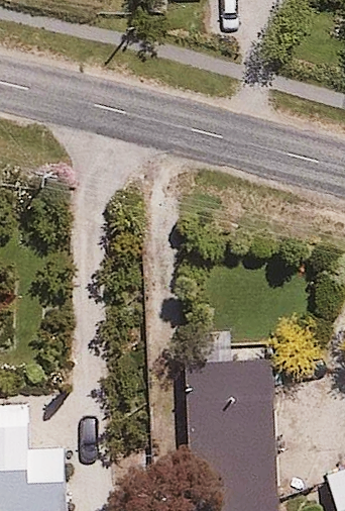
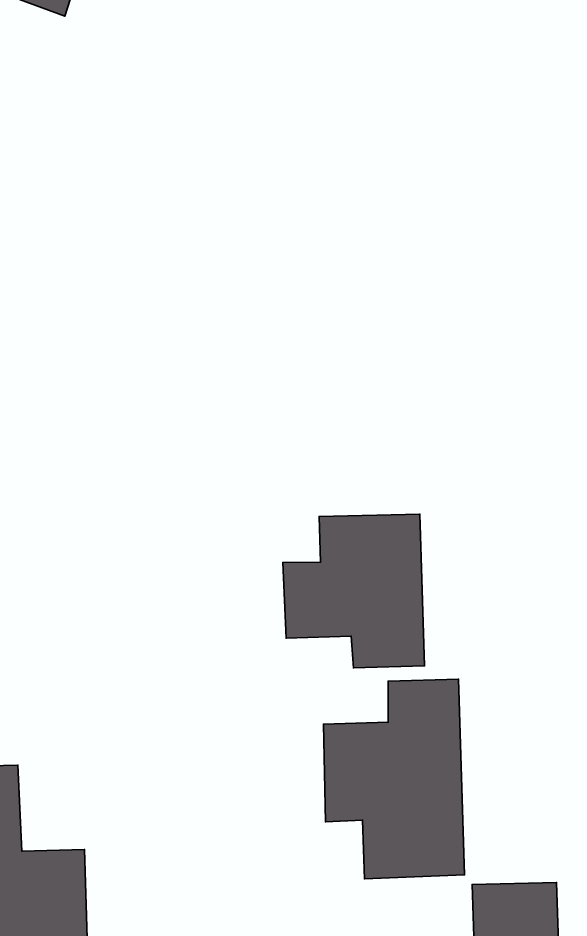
building: none -> [283,514,424,668]

